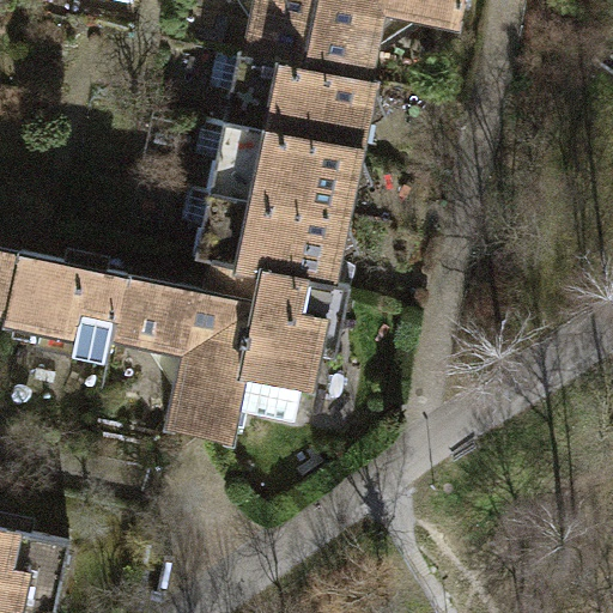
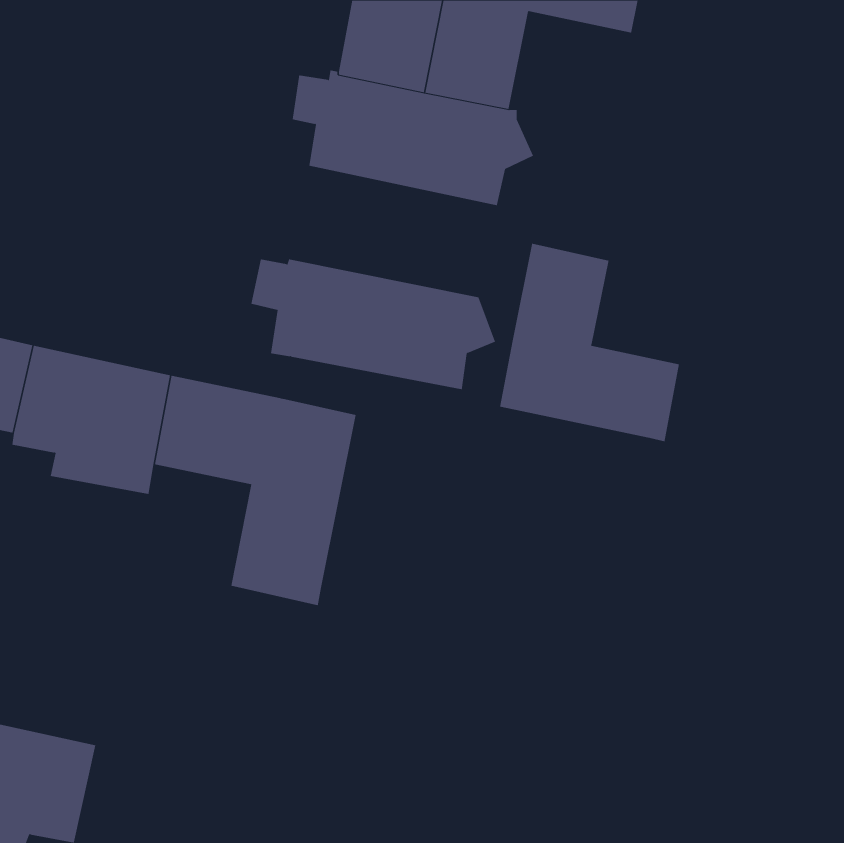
building: [194,123,372,218] -> none
building: none -> [500,243,679,442]
building: [204,261,350,430] -> none

